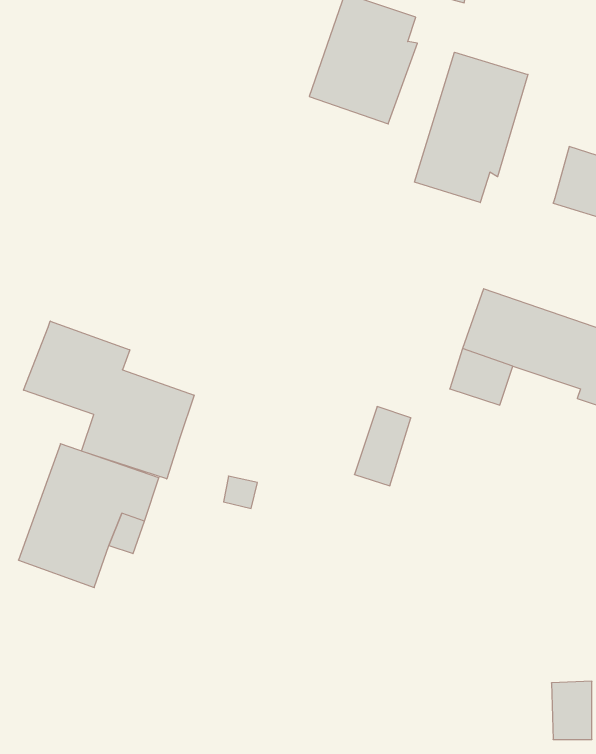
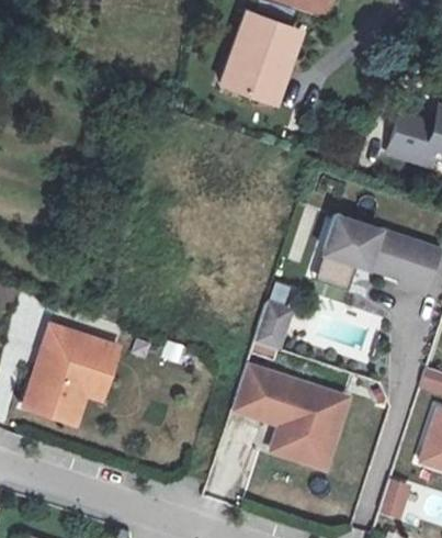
building: [415,52,528,203] -> none
building: [24,321,194,479] -> none
building: none -> [227,365,342,461]

